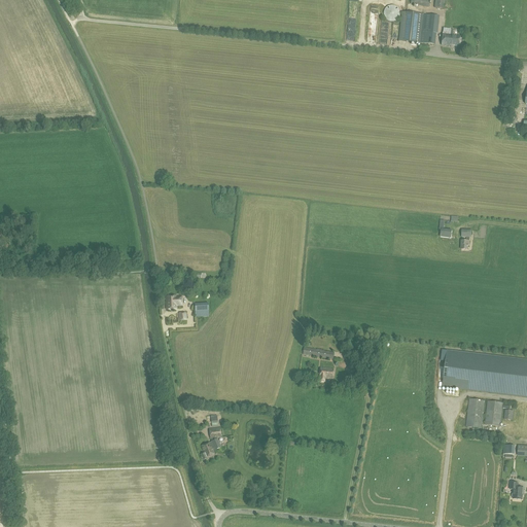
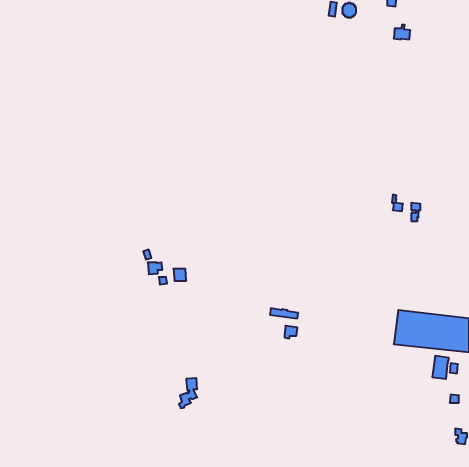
building: [399,10,440,43] -> none
building: [466,397,485,427] -> none

